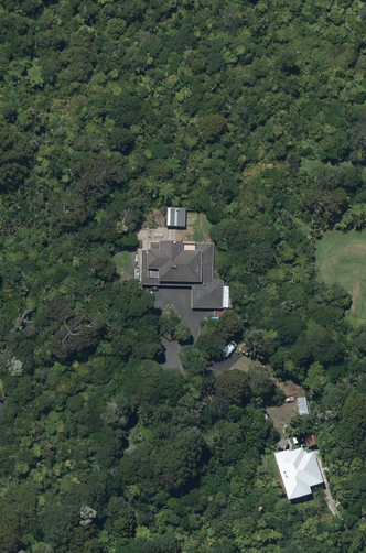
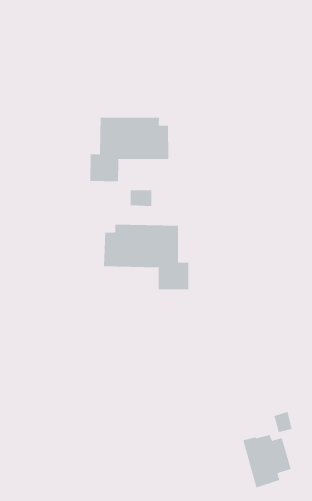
building: none -> [90,117,169,182]

